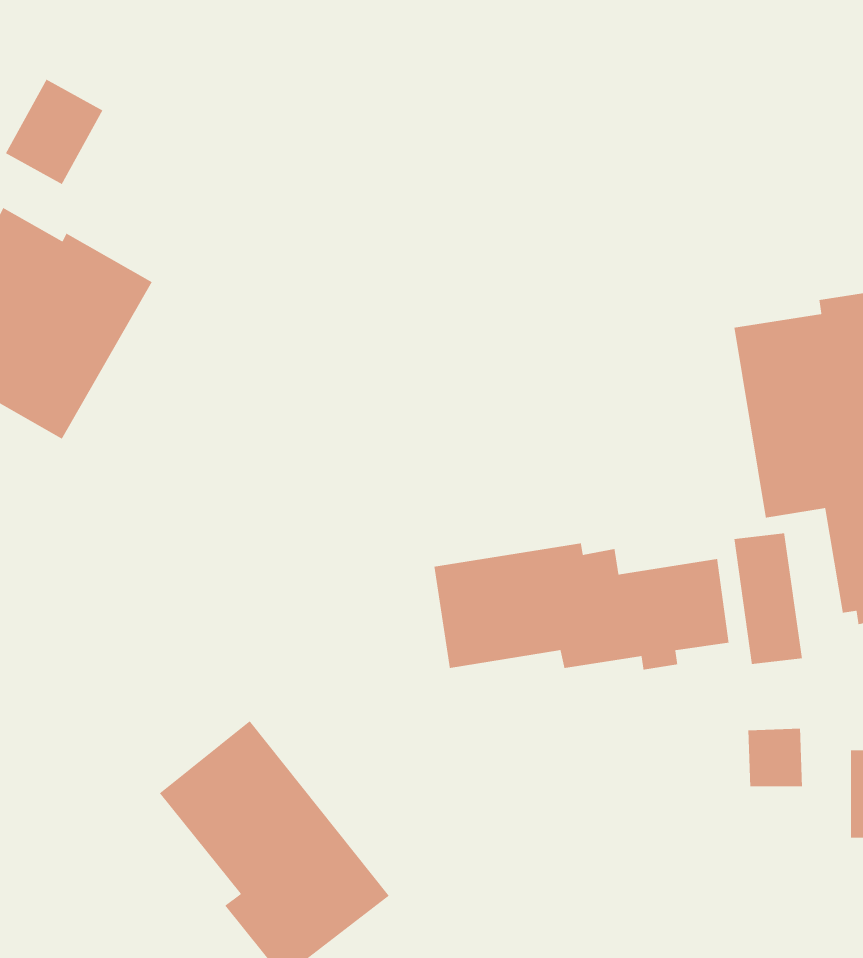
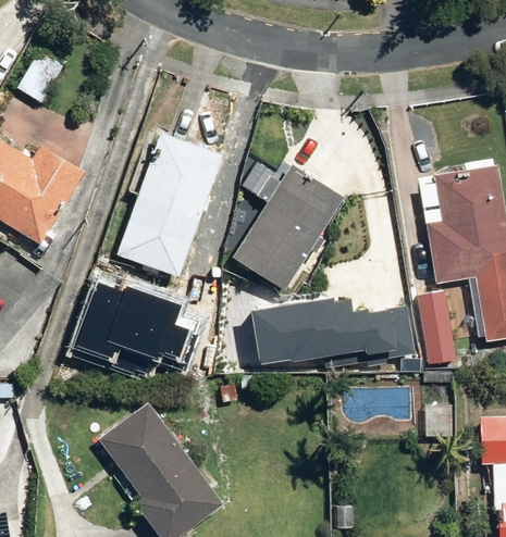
building: none -> [118,127,227,276]
building: none -> [236,166,343,290]
building: none -> [70,285,188,367]

